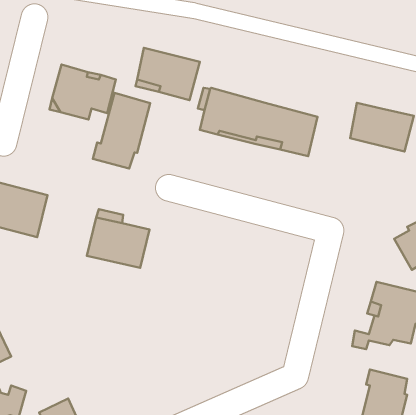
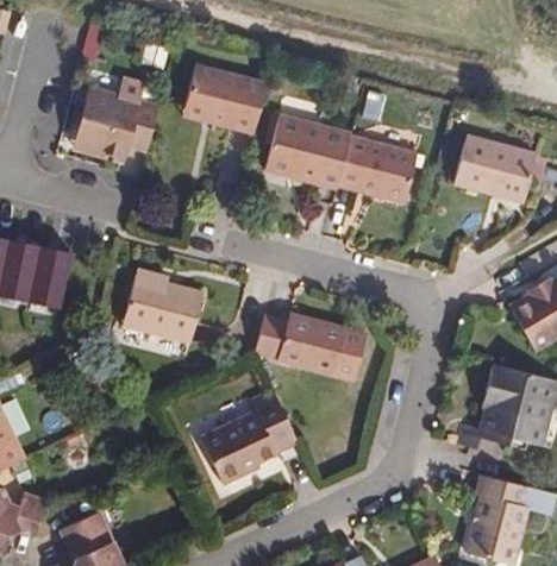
building: [93,93,150,168] -> none
building: none -> [255,315,346,376]
building: none -> [201,392,298,483]

